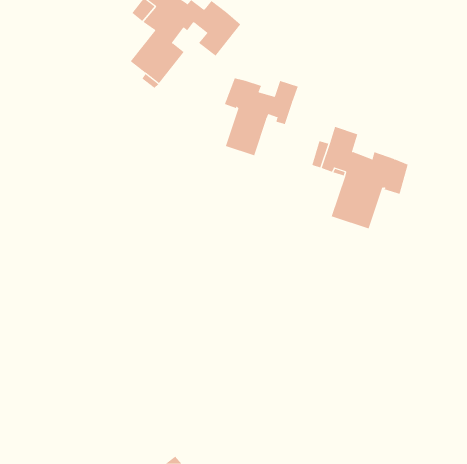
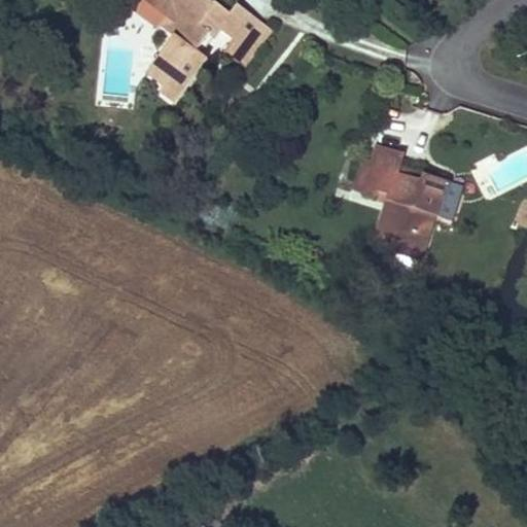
building: [224,77,298,156] -> none

